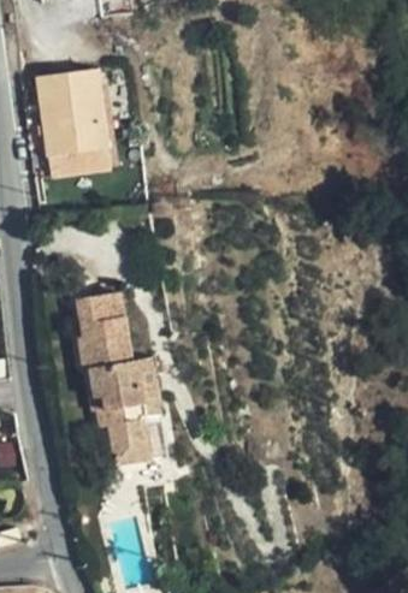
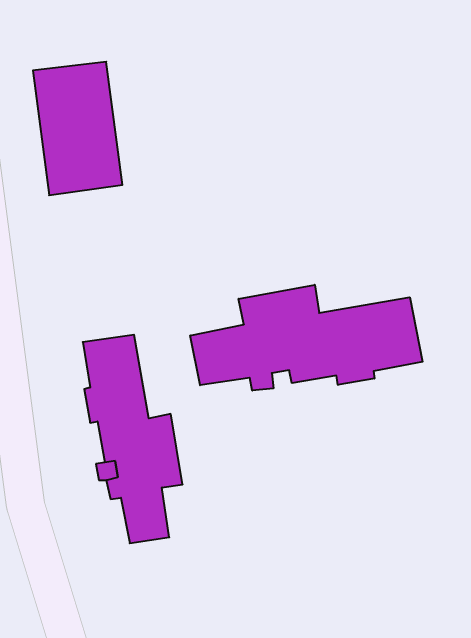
building: none -> [190,285,423,391]

